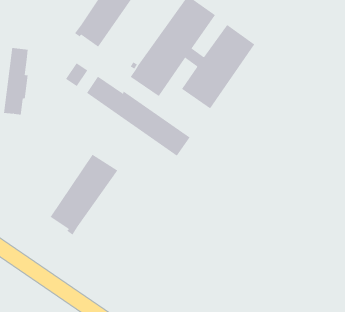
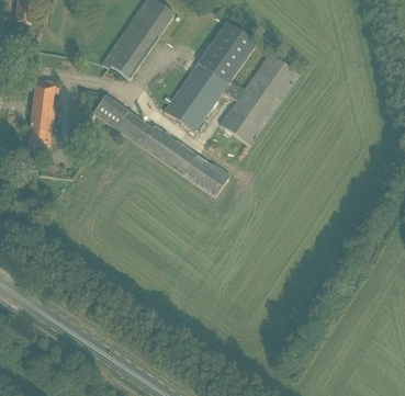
building: [50,154,118,235] -> none

